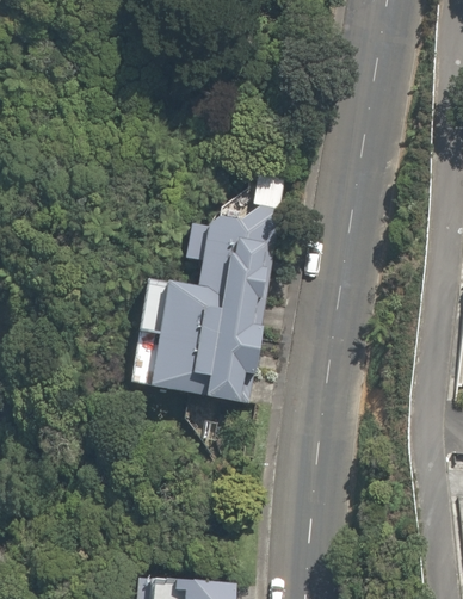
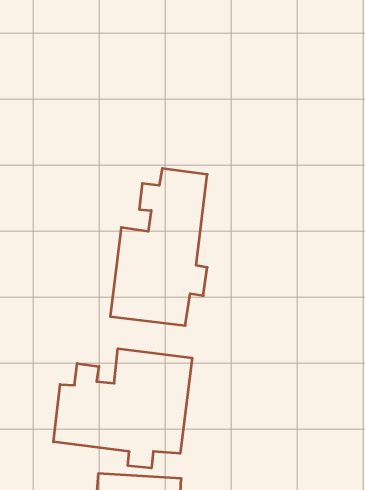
building: none -> [53,349,192,468]

